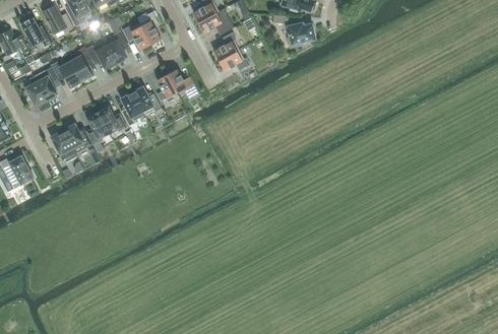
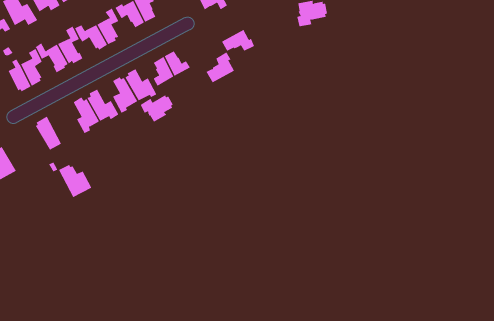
building: [212,32,239,61] -> [206,52,235,83]
building: none -> [140,94,173,122]
building: [61,123,91,153] -> [58,164,92,198]

